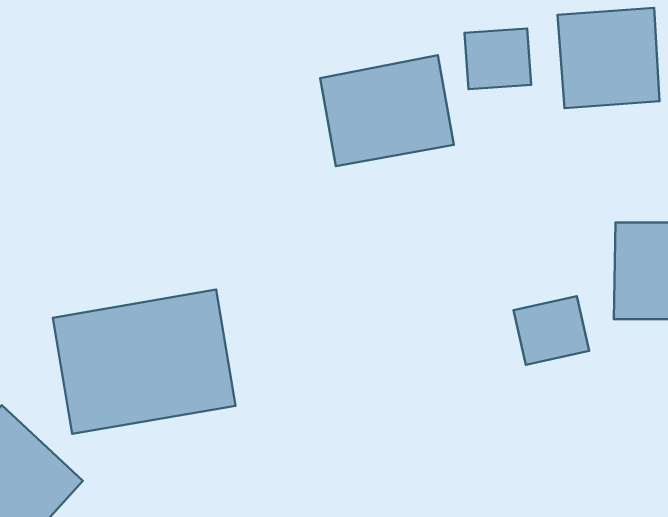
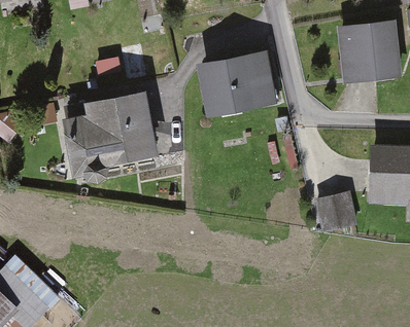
building: [464,29,531,89] -> none
building: [53,290,236,434] -> [58,82,165,167]

